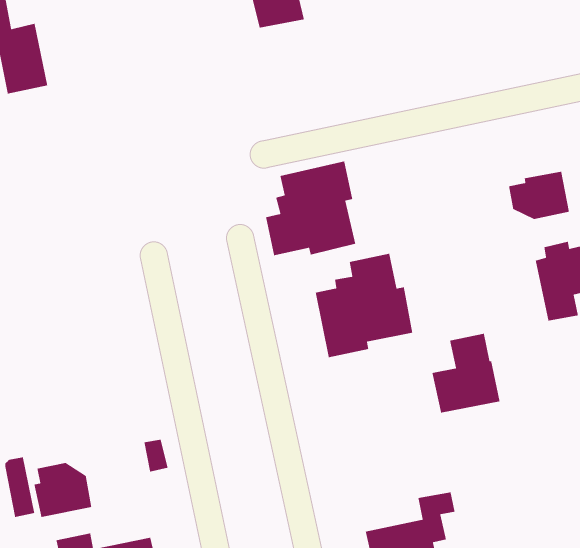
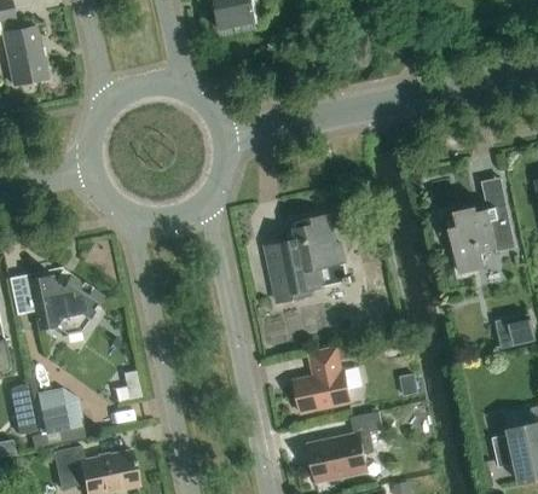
building: [265,161,356,256] -> none
building: [508,171,570,220] -> none
building: none -> [27,274,103,333]
building: [432,333,501,413] -> [294,347,351,413]

